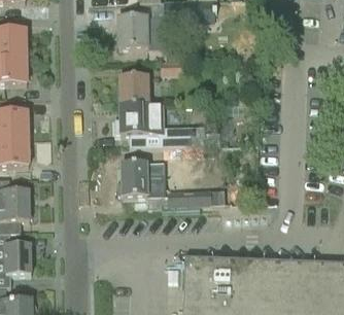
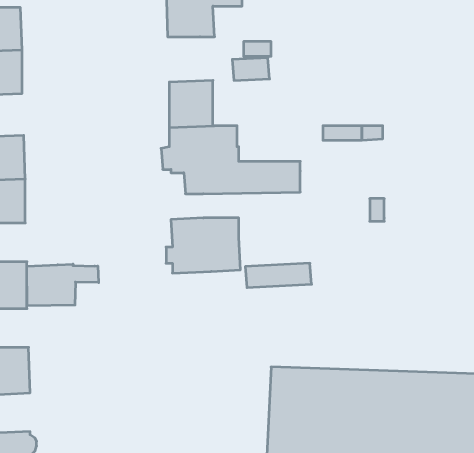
building: none -> [27,264,99,306]

